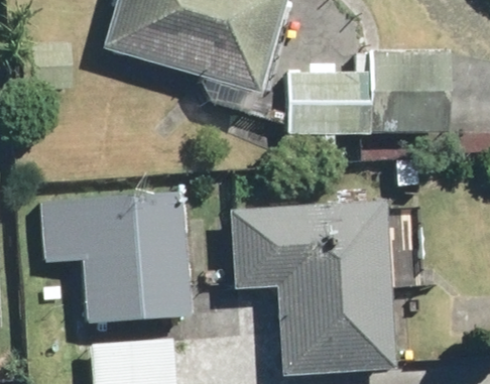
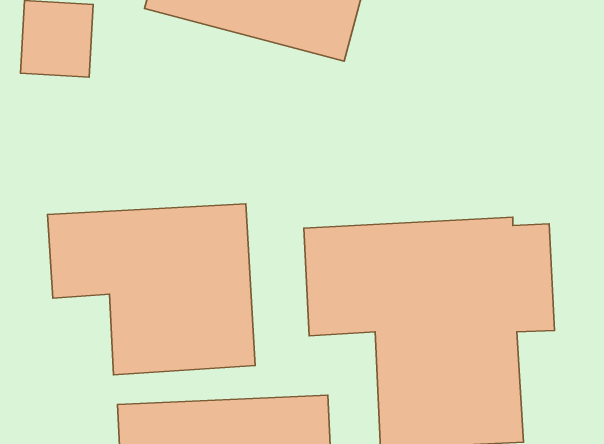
building: [285,47,449,139] -> none

